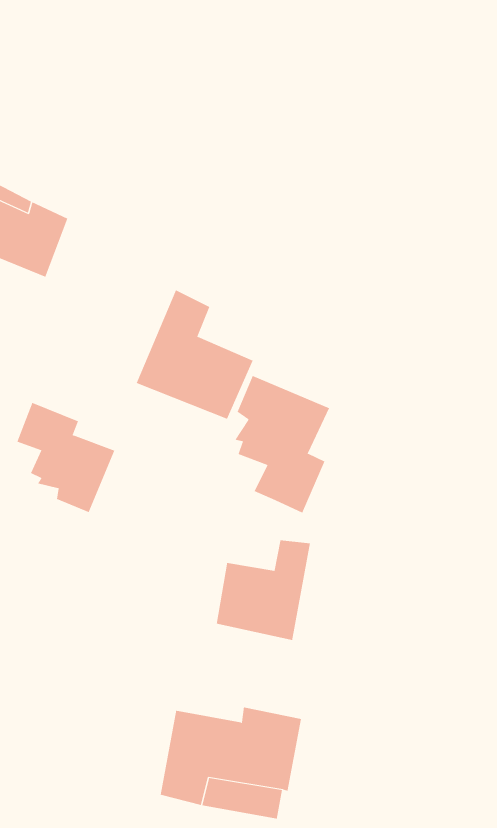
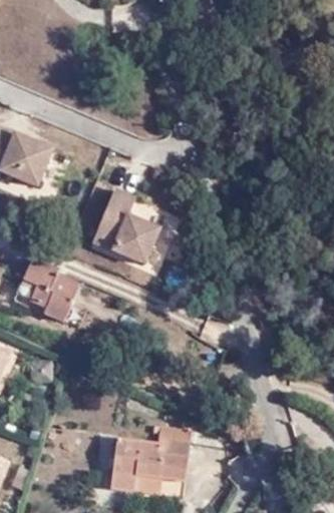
building: [235,375,330,513] -> none
building: [216,540,310,641] -> none

